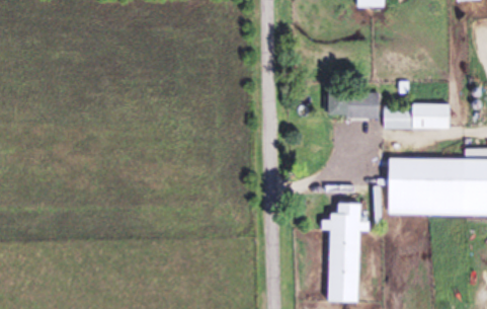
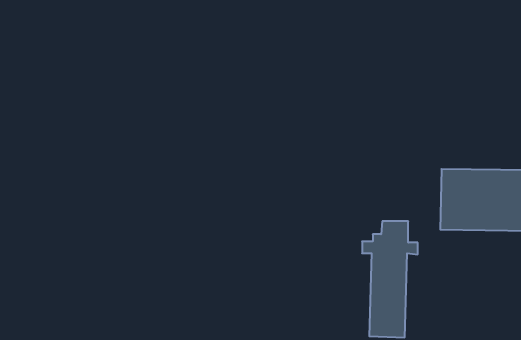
building: [328,92,378,118] -> none
building: [382,104,449,129] -> none

